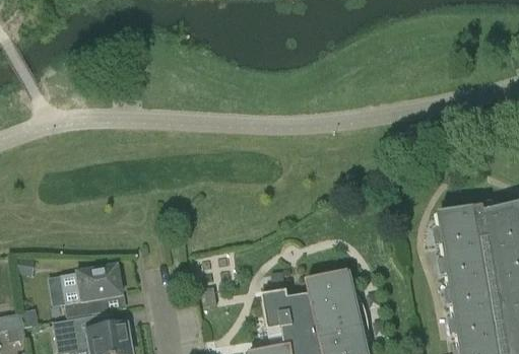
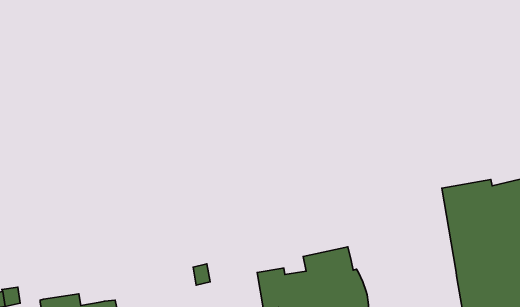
building: [59,264,123,315] -> none

